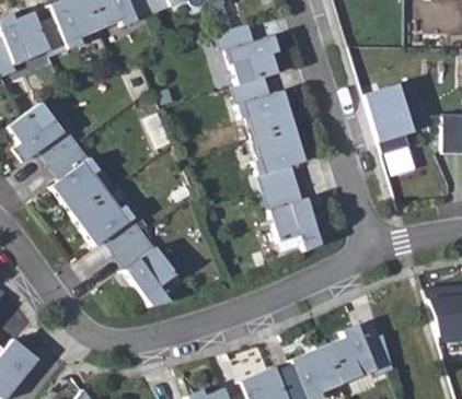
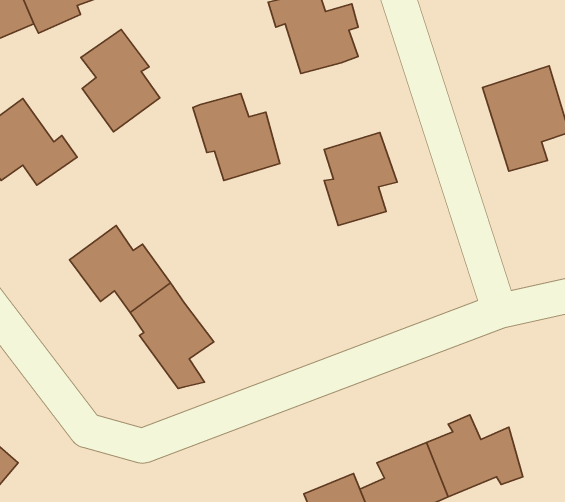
building: [233,78,294,139] -> [193,94,280,180]
building: [53,144,108,216] -> [81,30,160,132]
building: [265,183,322,253] -> none

